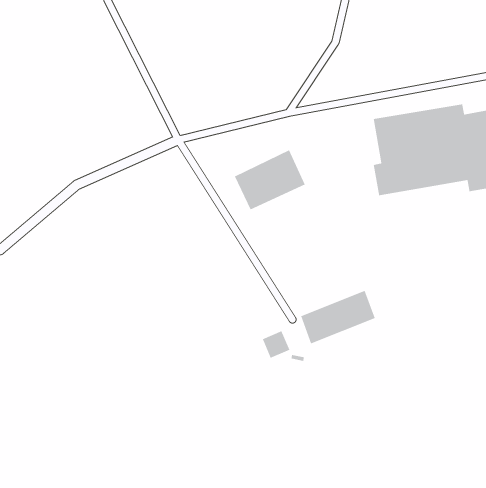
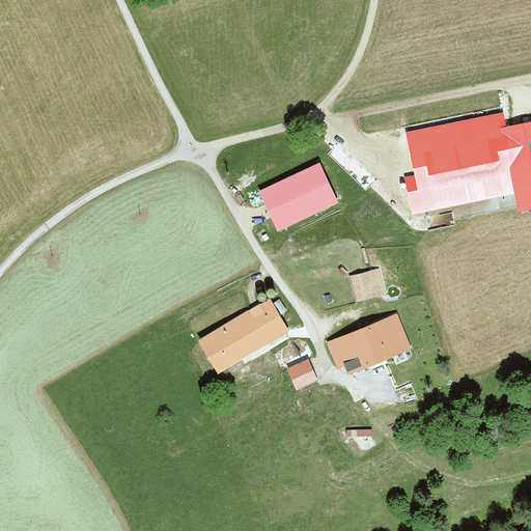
building: none -> [351,269,388,301]
building: none -> [197,299,286,368]

